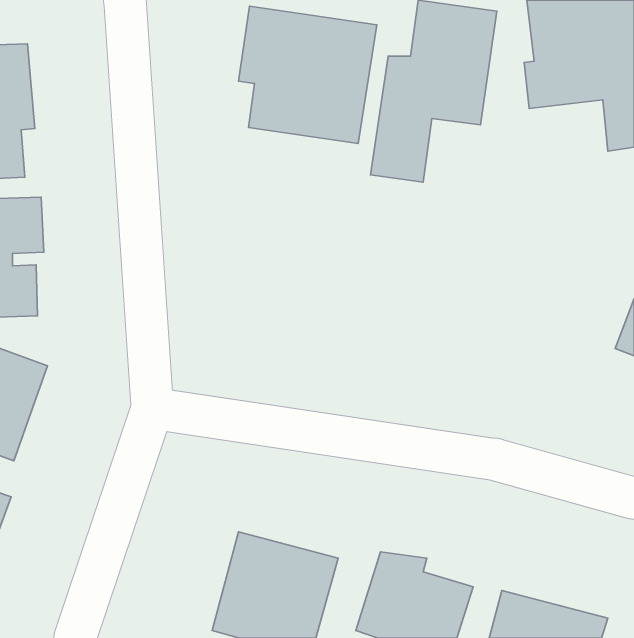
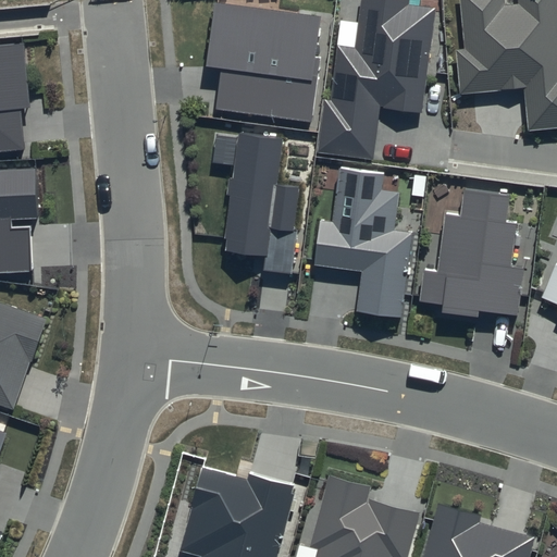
building: none -> [225,135,300,276]
building: none -> [313,164,403,322]
building: none -> [419,189,518,317]

